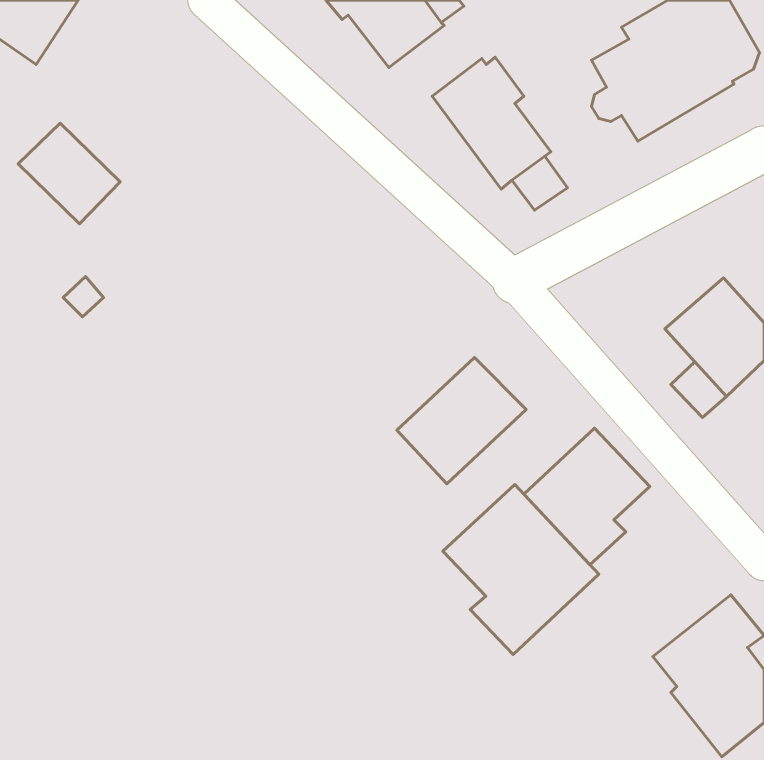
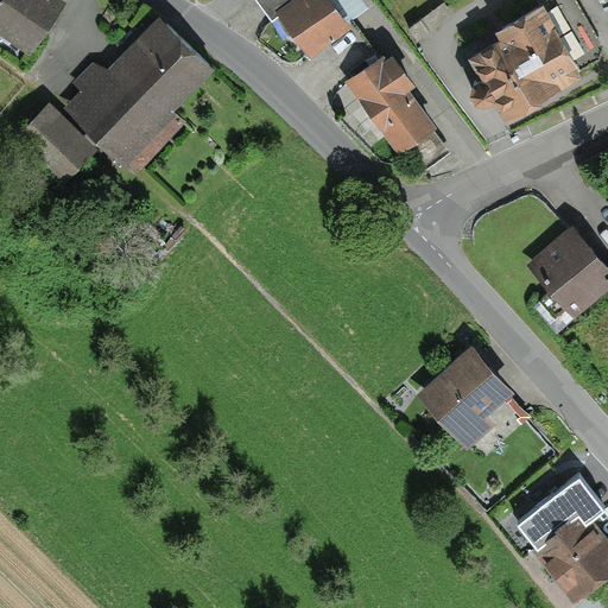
building: none -> [64,15,214,177]
building: [397,358,526,484] -> none
building: [443,485,599,655] -> none

